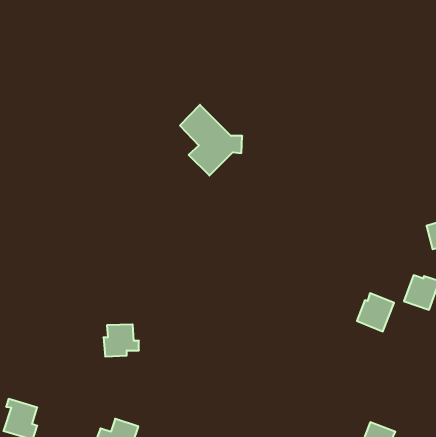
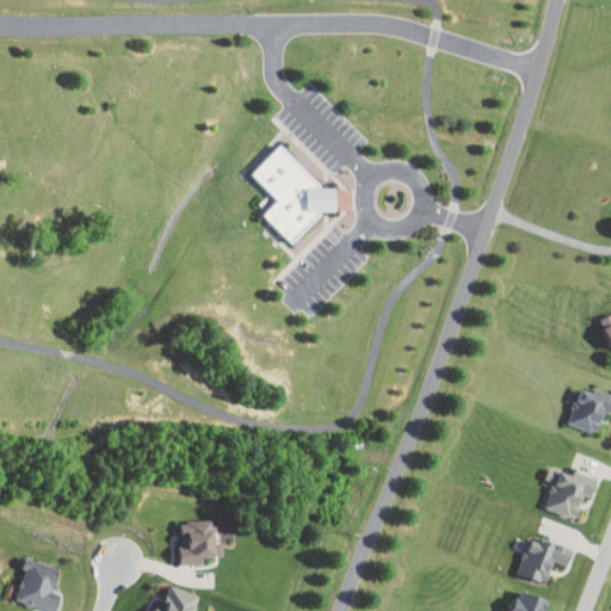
building: [357,293,394,331] -> [543,468,594,520]
building: [103,324,139,356] -> [172,520,221,564]
building: none -> [513,535,572,585]

